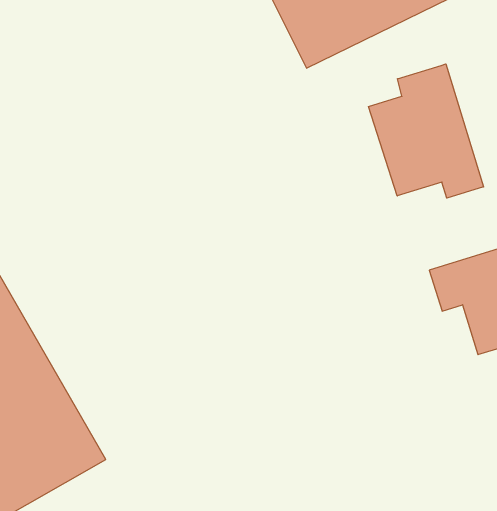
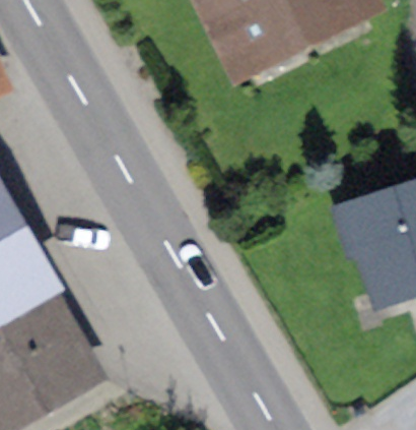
building: [369,64,484,198] -> none

